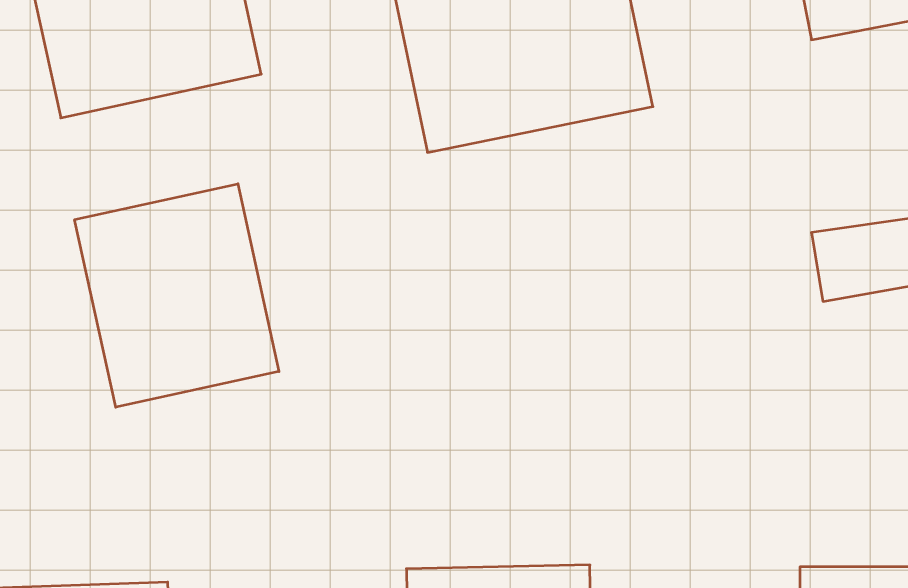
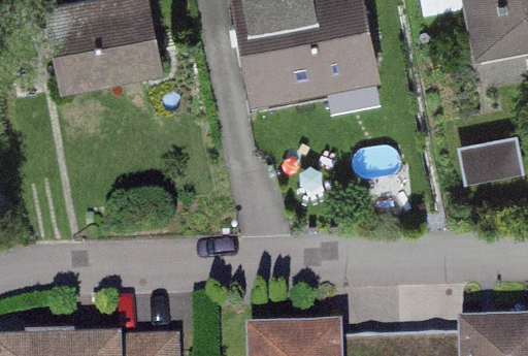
building: [75,184,279,407] -> none

